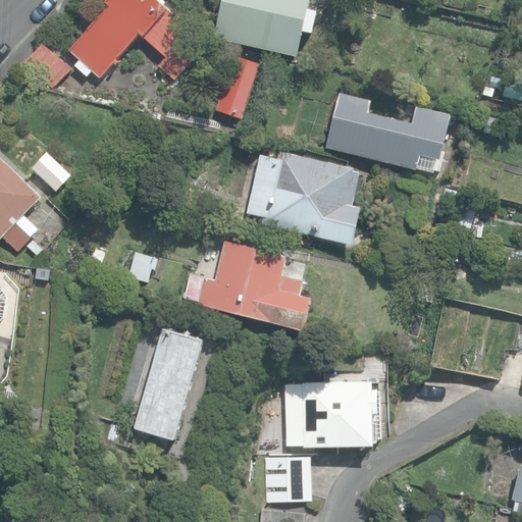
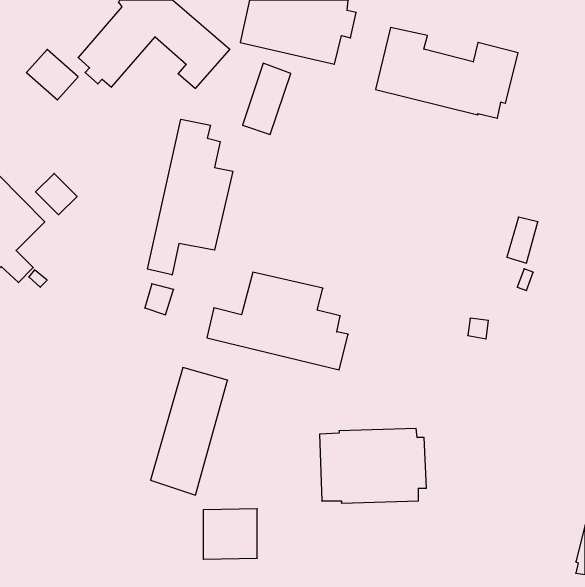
building: [324,93,451,173] -> [376,27,518,118]
building: none -> [148,119,233,275]
building: [247,152,361,245] -> none
building: [263,457,311,502] -> [203,509,257,559]

